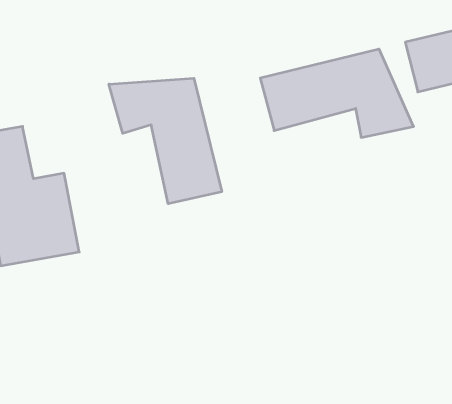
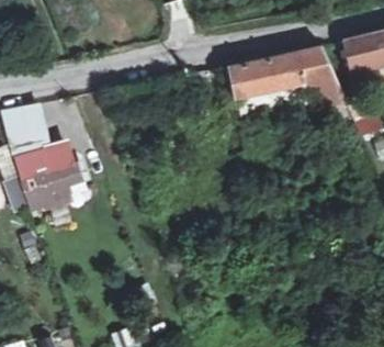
building: [109,78,222,204] -> none

